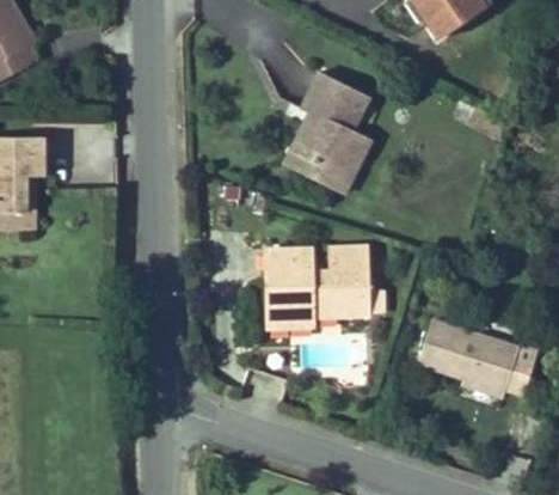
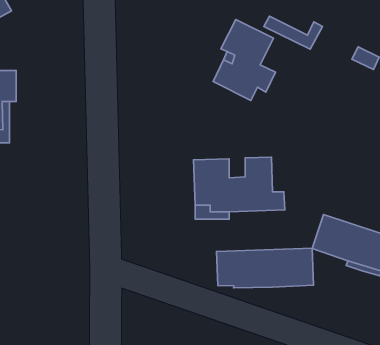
building: [284,151,358,192] -> [264,16,322,49]
building: none -> [217,248,314,288]

